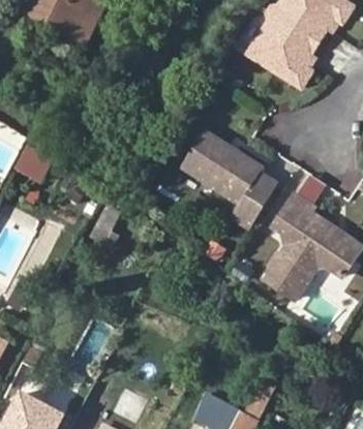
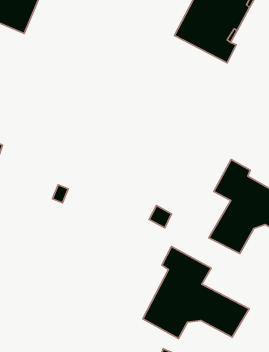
building: [181,128,275,227] -> none
building: none -> [143,246,249,338]

